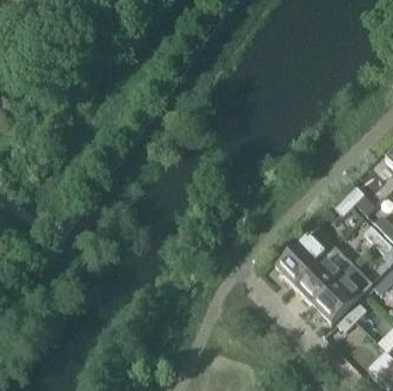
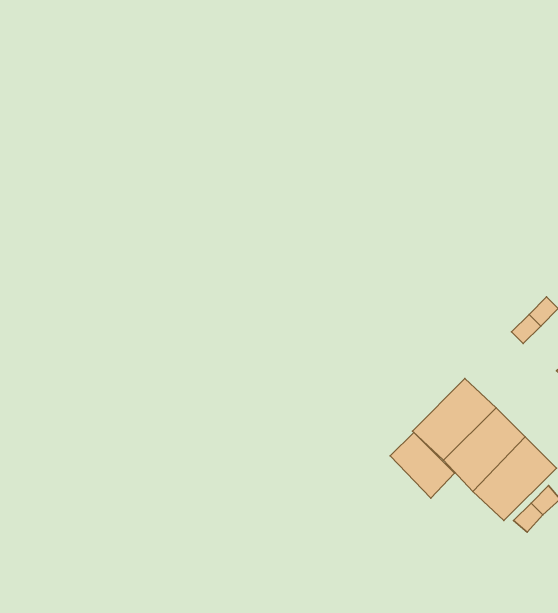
building: none -> [390,432,454,498]

